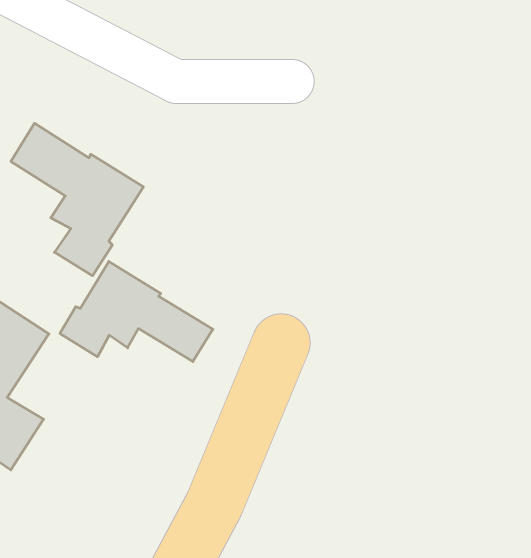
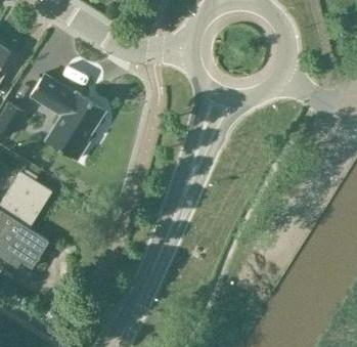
building: [60,261,213,362] -> none

